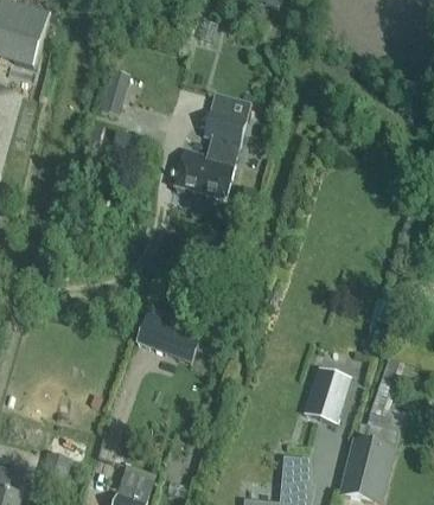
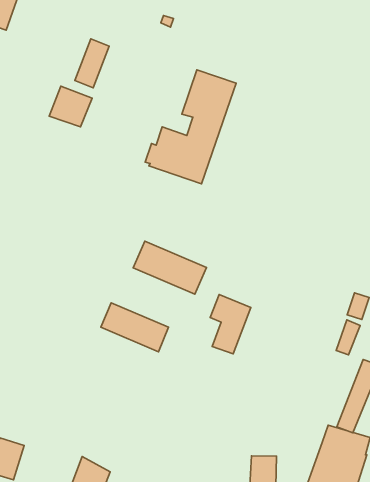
building: none -> [49,86,92,127]
building: none -> [133,241,207,294]
building: [312,367,350,423] -> [210,294,251,354]

